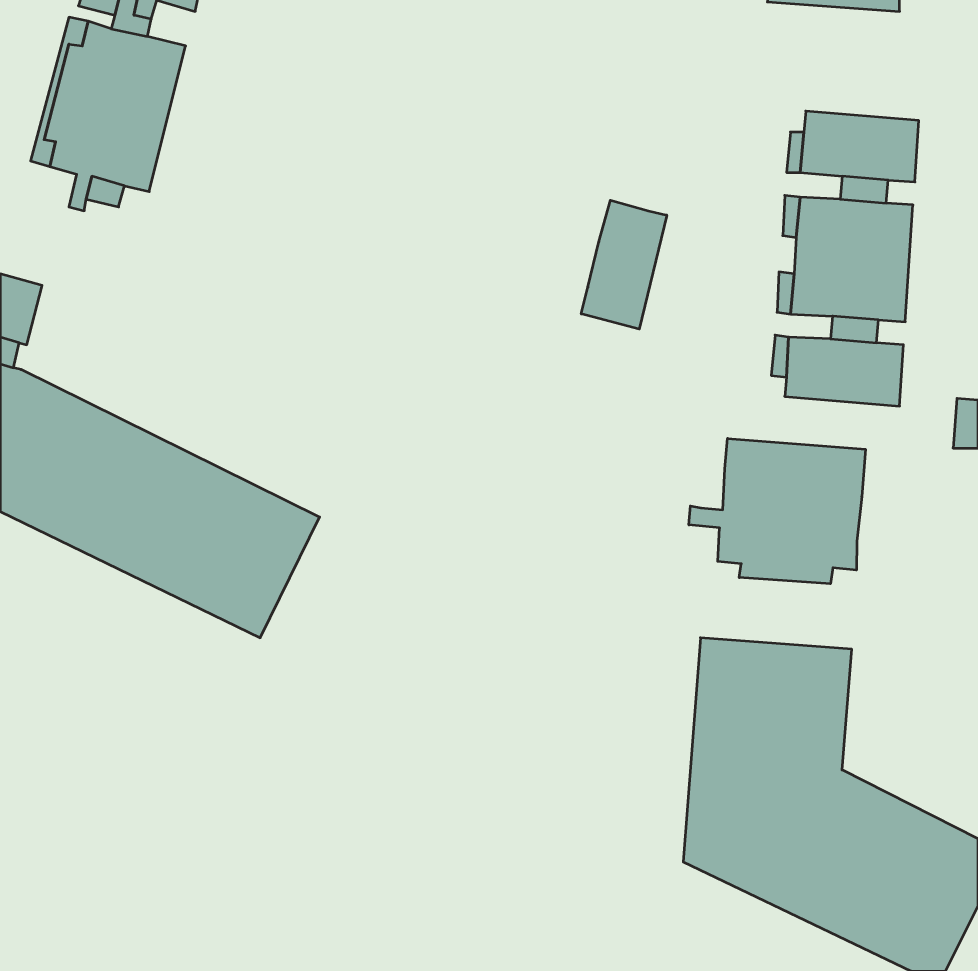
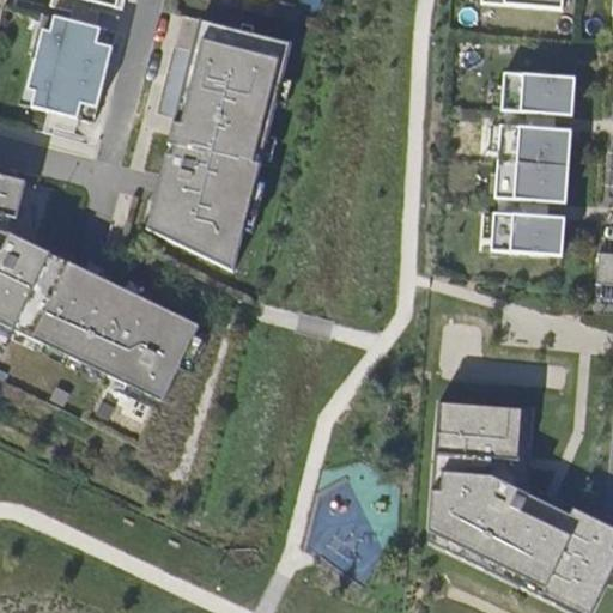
building: none -> [147,11,292,268]
building: [581,200,667,329] -> none
building: [689,438,865,584] -> none

